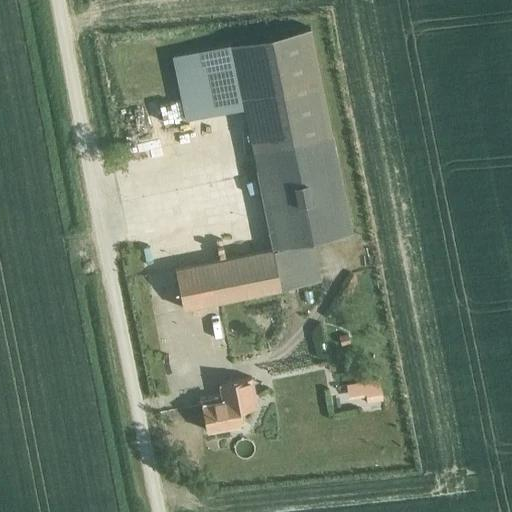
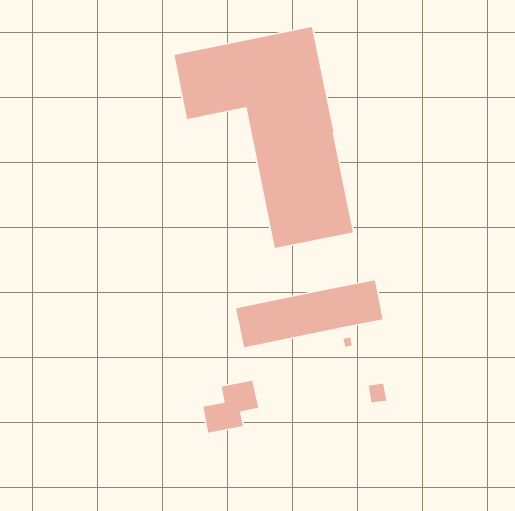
building: [175,244,322,312] -> [235,280,383,348]

